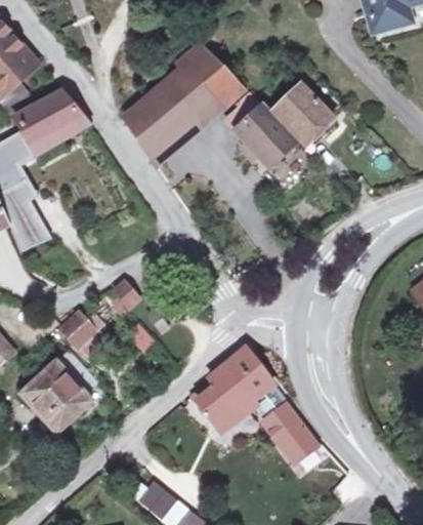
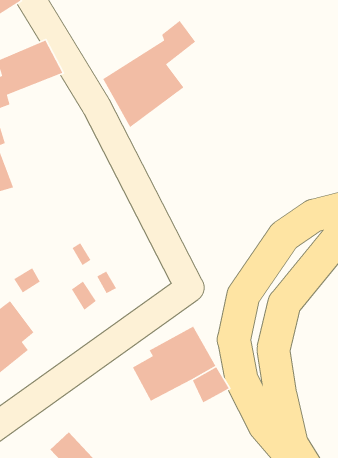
building: [186,68,234,115] -> none
building: [272,85,332,144] -> none
building: [226,109,292,167] -> none
building: [265,411,311,458] -> none

